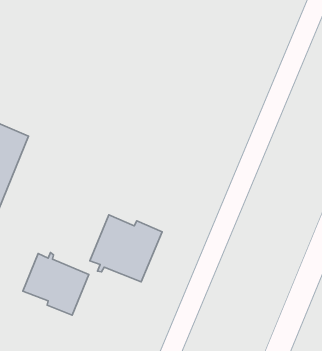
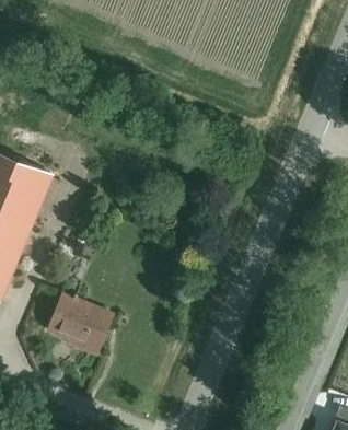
building: [90,215,162,282] -> none

